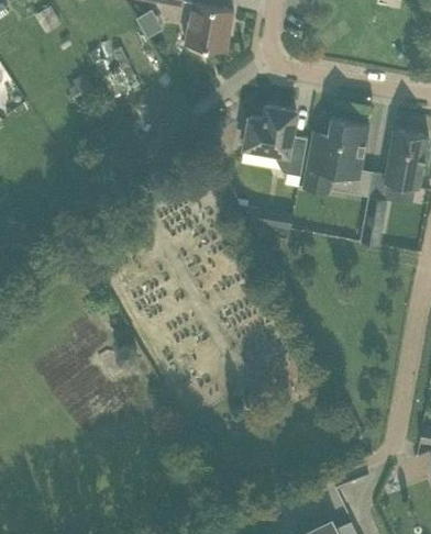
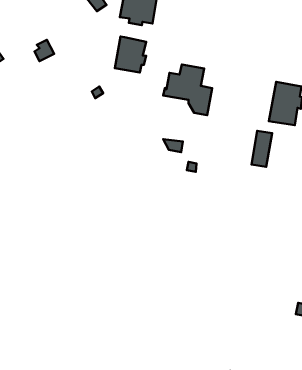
building: none -> [115,36,146,73]
building: [302,118,368,192] -> none

